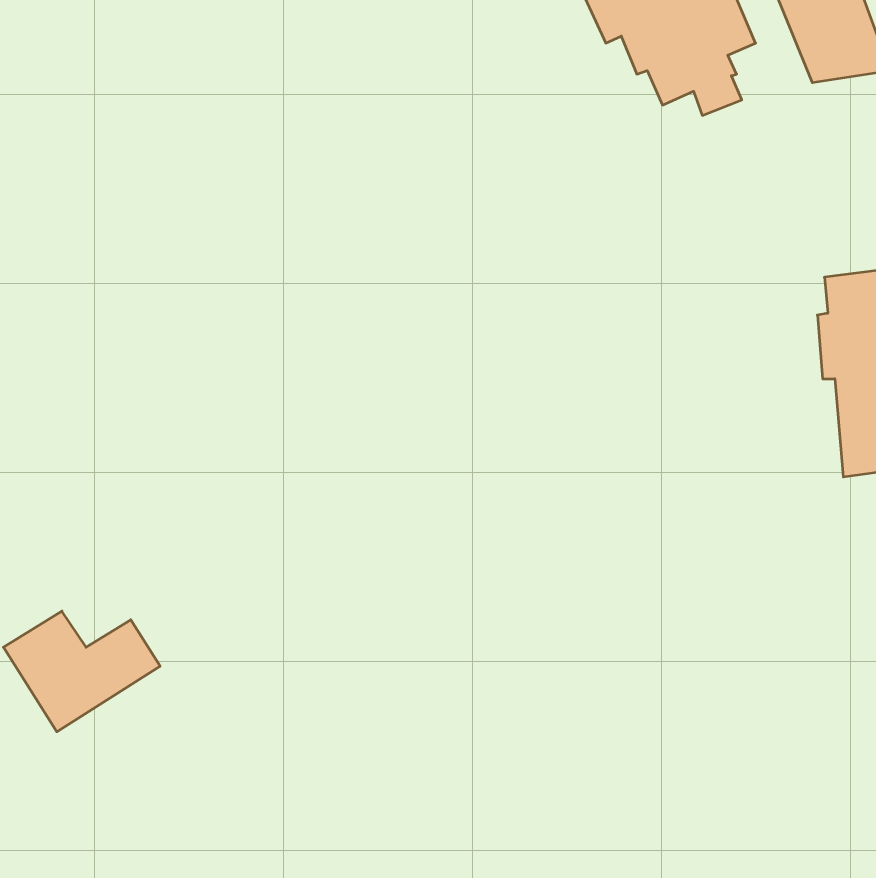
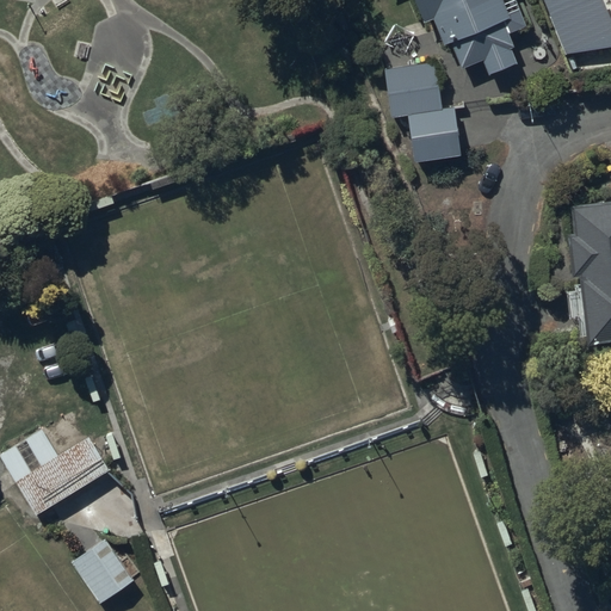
building: none -> [383,67,461,169]
building: none -> [76,529,138,594]

